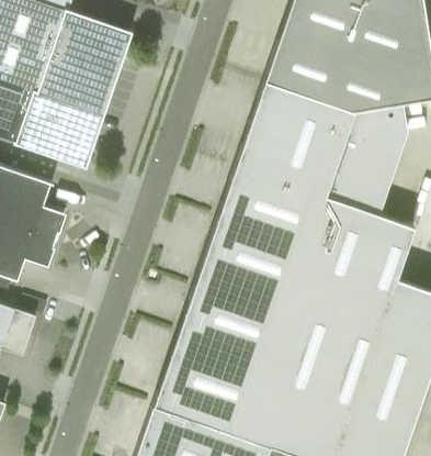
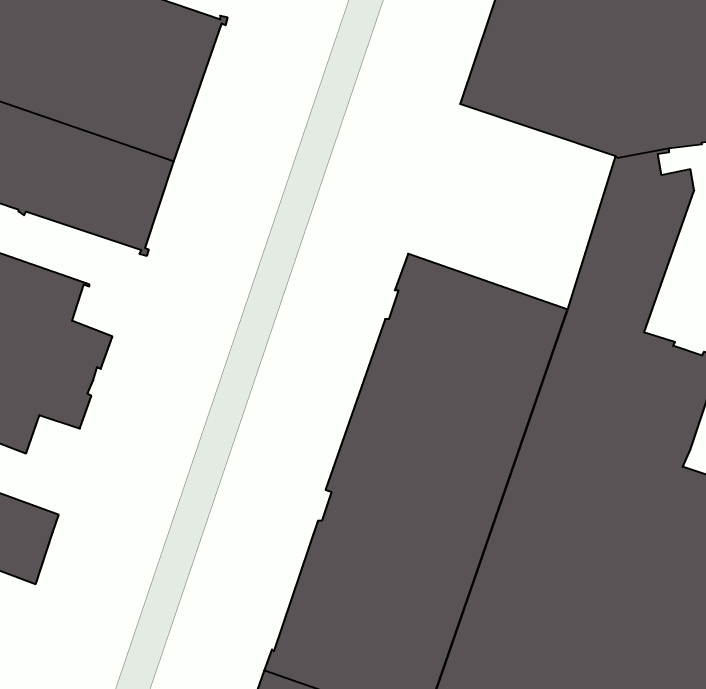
building: [236,81,354,199] -> none

